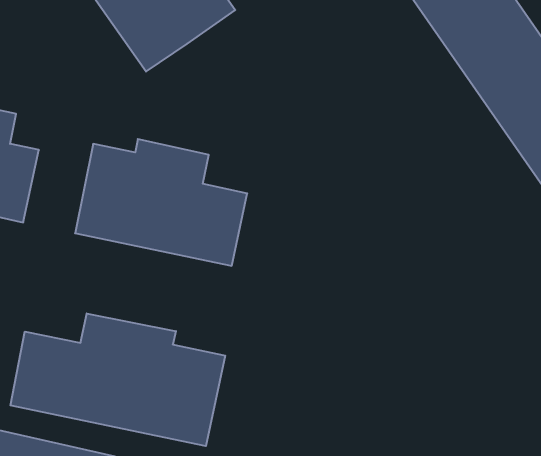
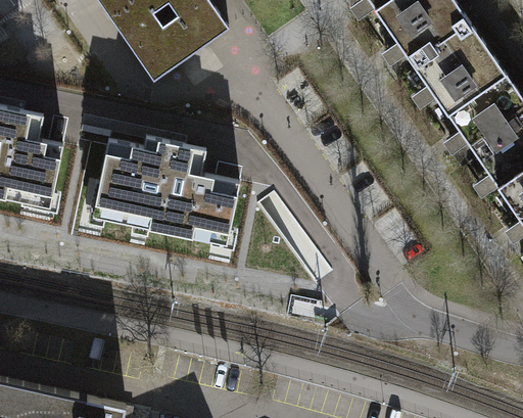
building: [10,313,225,446] -> none

